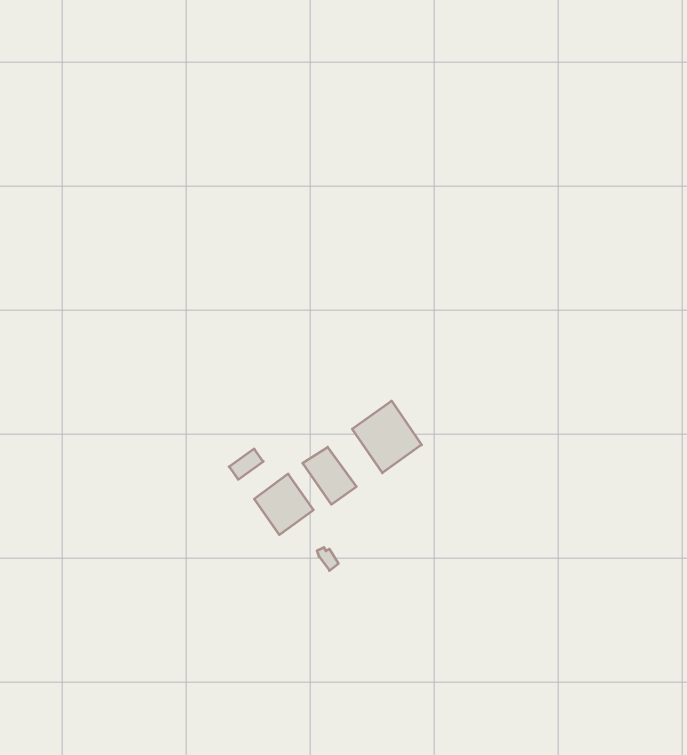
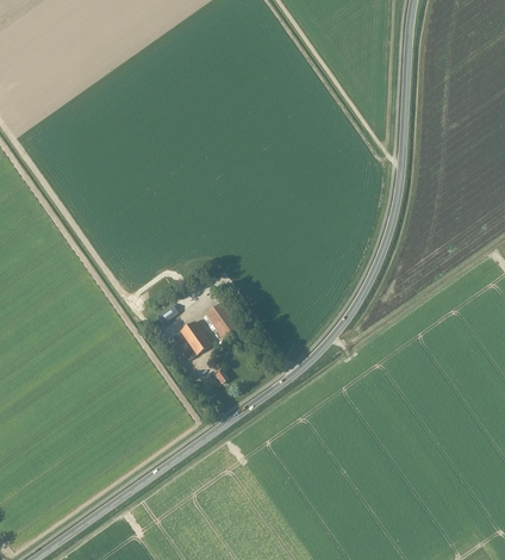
building: [352,401,422,473] -> none

